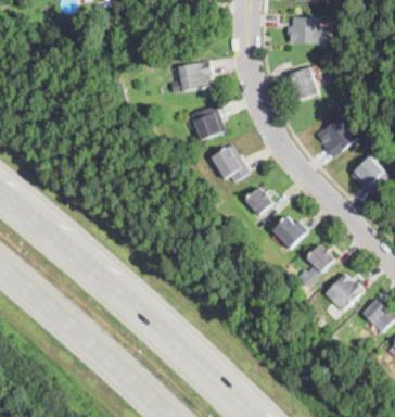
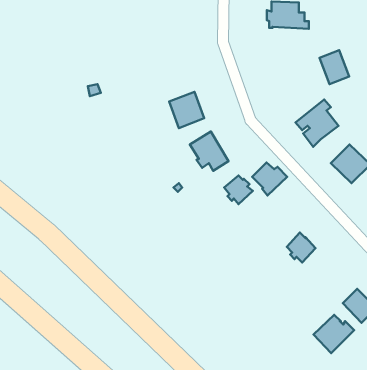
building: [178,60,212,92] -> none
building: [290,67,319,101] -> [320,50,349,84]
building: [273,216,308,249] -> [252,162,287,195]
building: [324,274,365,312] -> [313,315,354,353]

